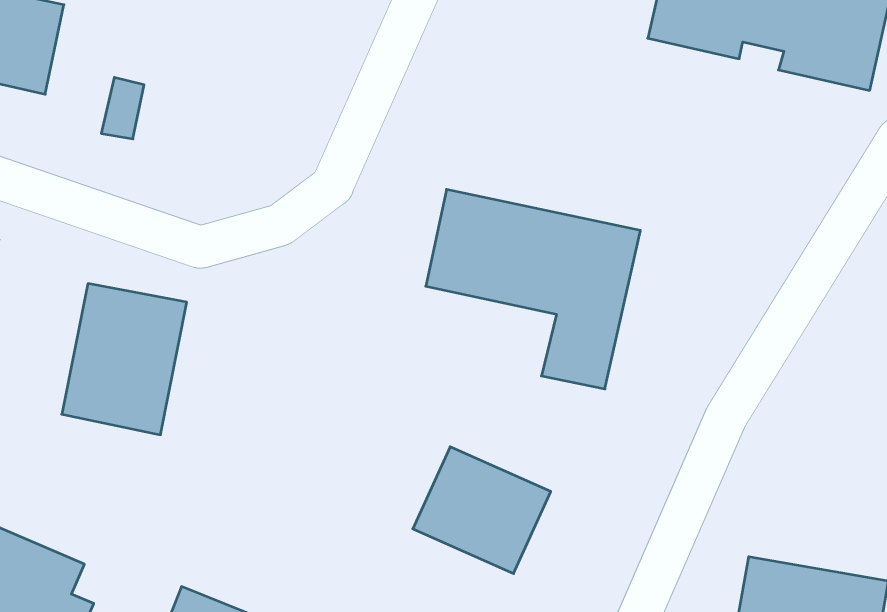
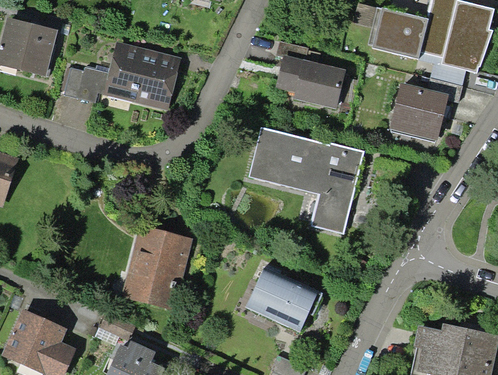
building: none -> [104,45,172,109]
building: none -> [274,54,343,107]
building: none -> [387,80,449,143]
building: [62,284,187,435] -> [125,227,192,308]

